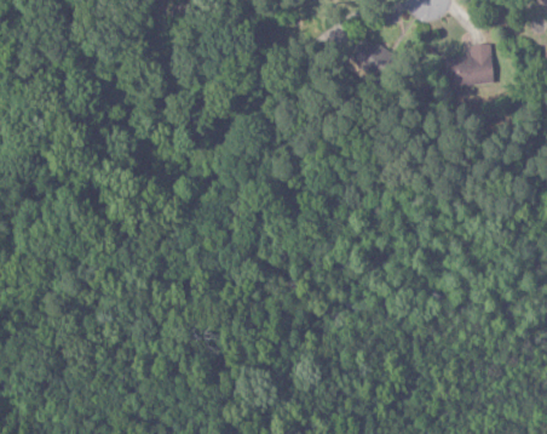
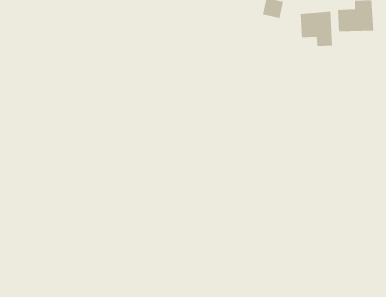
building: none -> [300,11,332,47]

